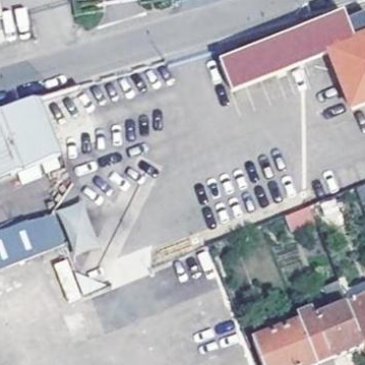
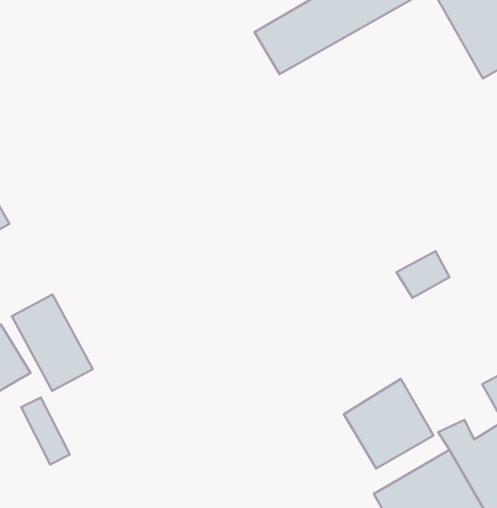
building: none -> [344,379,433,468]

